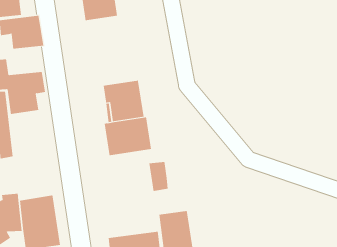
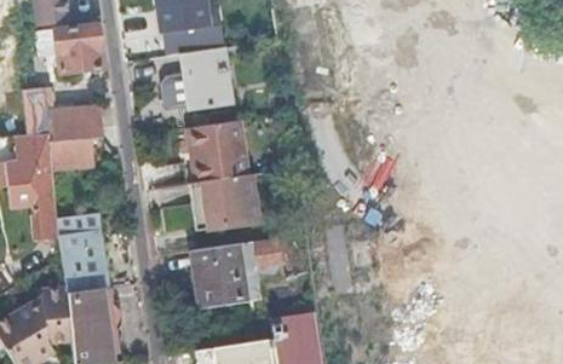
building: none -> [182,46,232,109]
building: none -> [57,210,115,295]
building: none -> [193,243,246,305]

